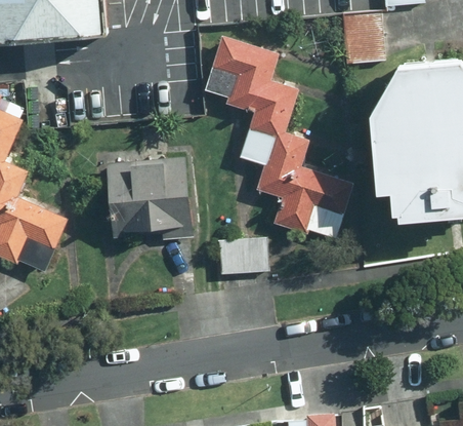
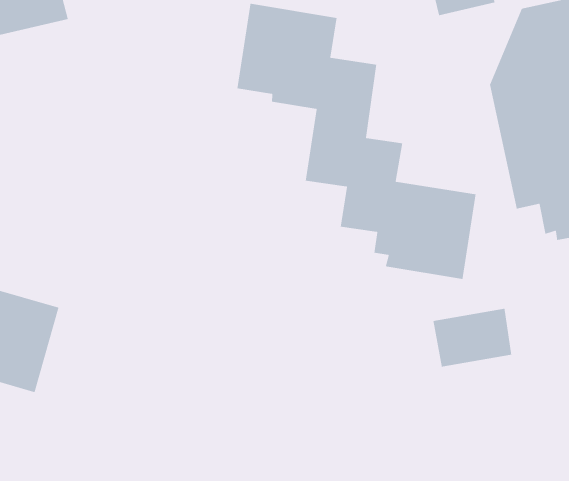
building: [107,159,190,239] -> none
building: [220,238,269,271] -> [432,308,512,367]

